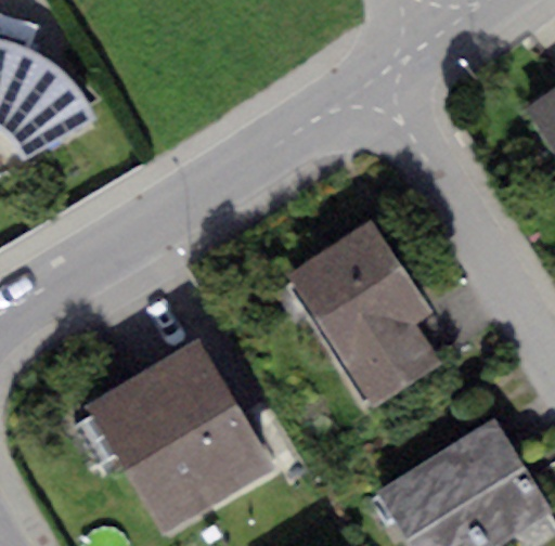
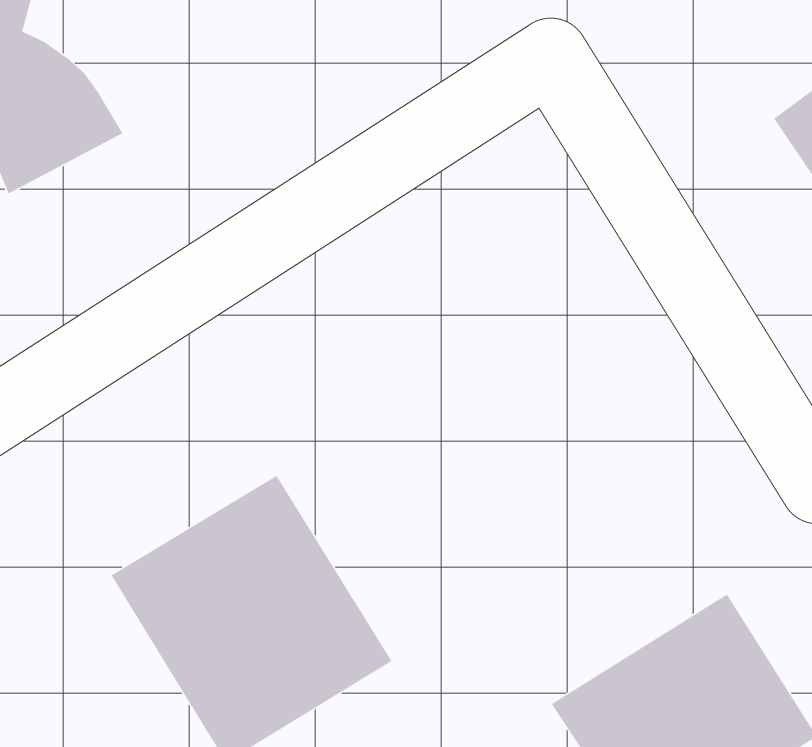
building: [284,223,438,408] -> none

